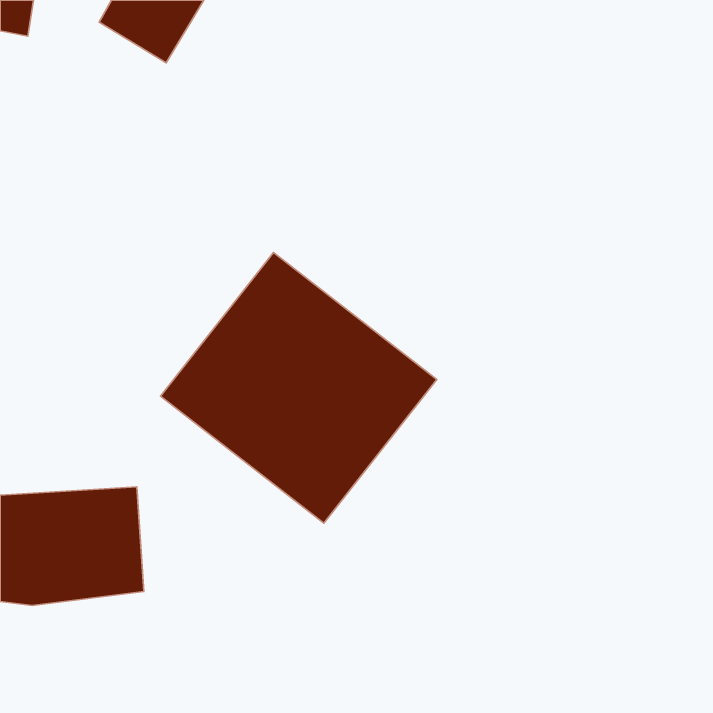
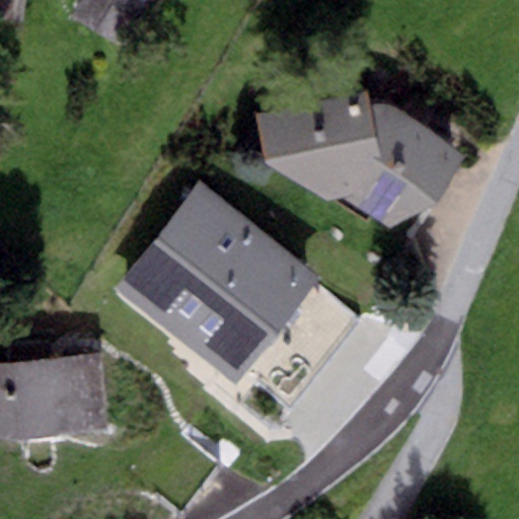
building: none -> [255,89,466,228]

